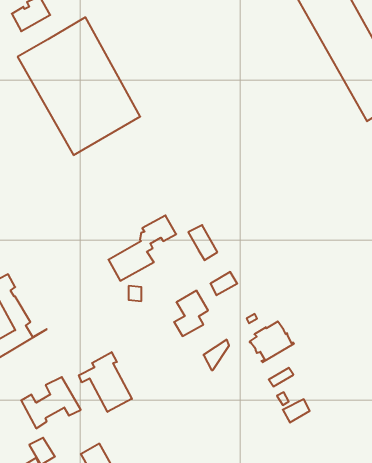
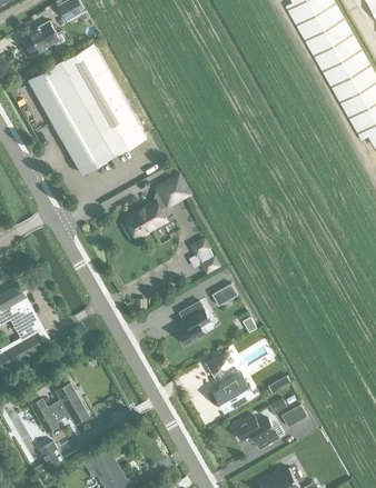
building: [108,215,176,281] -> [123,176,188,238]
building: [250,321,294,362] -> [212,372,255,411]
building: [79,352,132,412] -> none
building: none -> [234,416,278,448]

